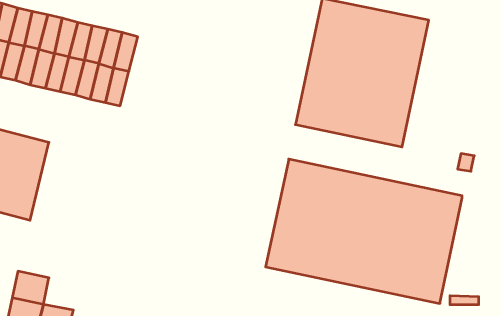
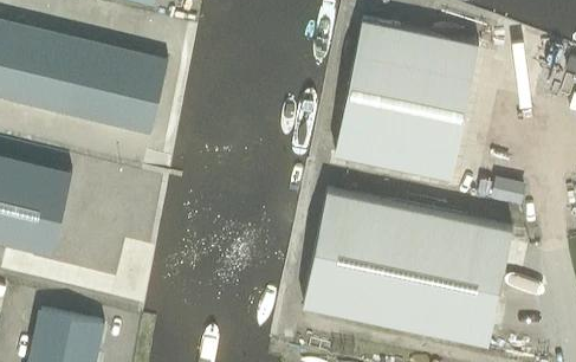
building: none -> [66,318,104,353]

